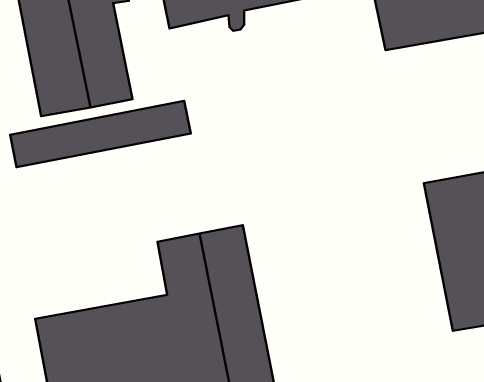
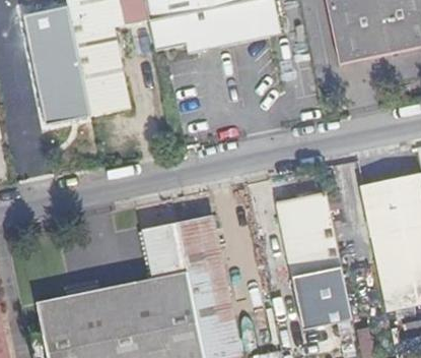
building: [10,101,191,167] -> none
building: none -> [279,188,350,327]

